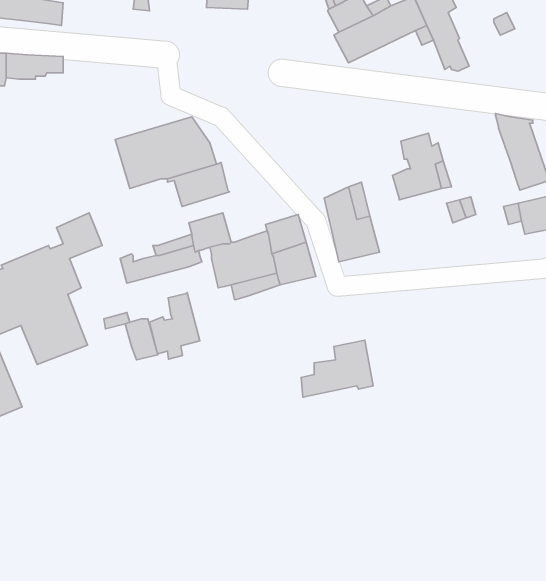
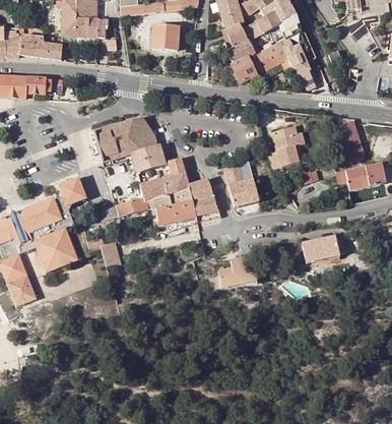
building: none -> [161,158,189,194]
building: [150,293,200,359] -> none
building: none -> [302,236,345,263]

